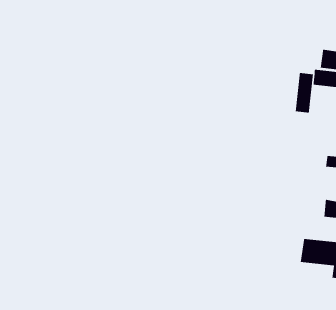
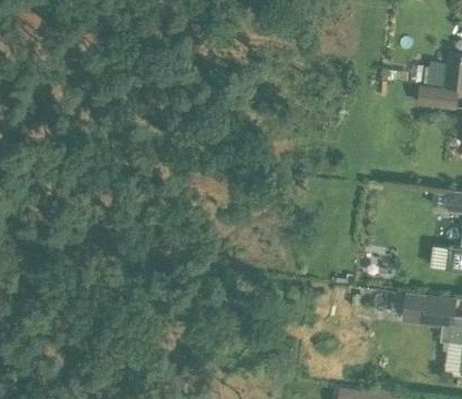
building: [295,72,314,114] -> none

